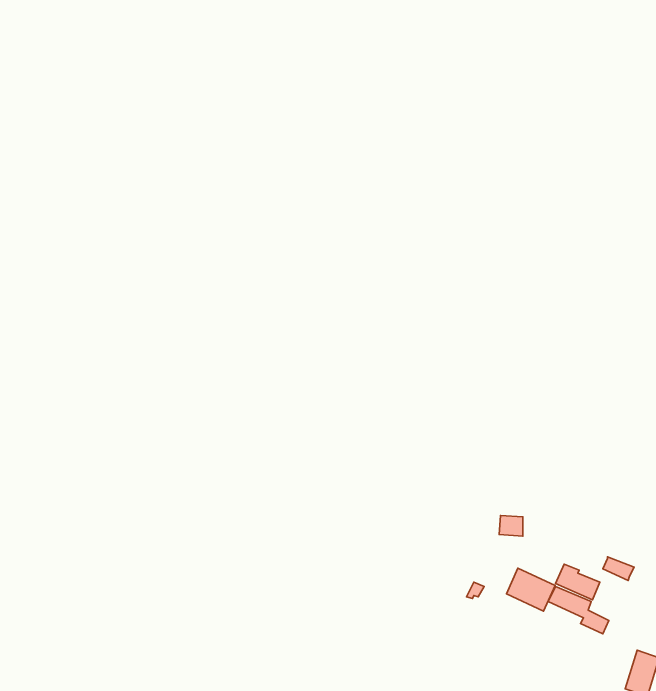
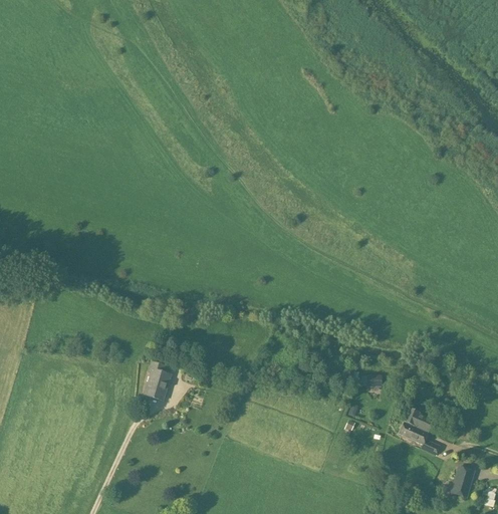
building: none -> [145,362,171,401]
building: [507,568,555,611] -> none

